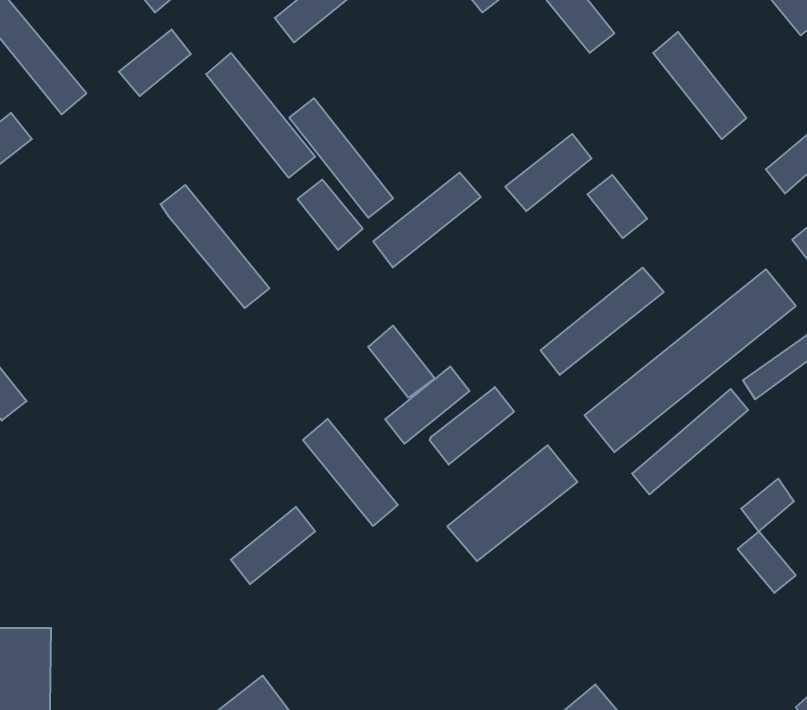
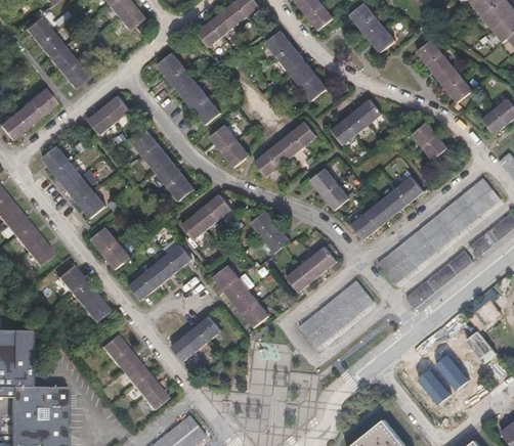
building: [119,29,191,96] -> [87,95,129,134]
building: [289,98,393,218] -> [265,31,326,100]
building: [587,175,647,238] -> [412,123,446,160]
building: none -> [41,146,104,217]
building: none -> [309,168,348,210]
building: none -> [90,227,129,269]
building: [385,366,470,444] -> [181,194,230,239]
building: none -> [128,244,190,300]
building: none -> [57,265,109,322]
building: none -> [100,334,167,409]
building: none -> [436,354,469,390]
building: none -> [418,367,451,402]

